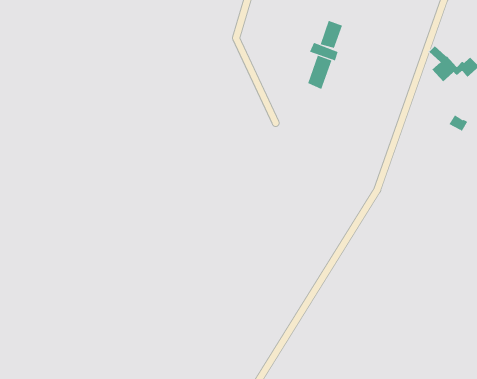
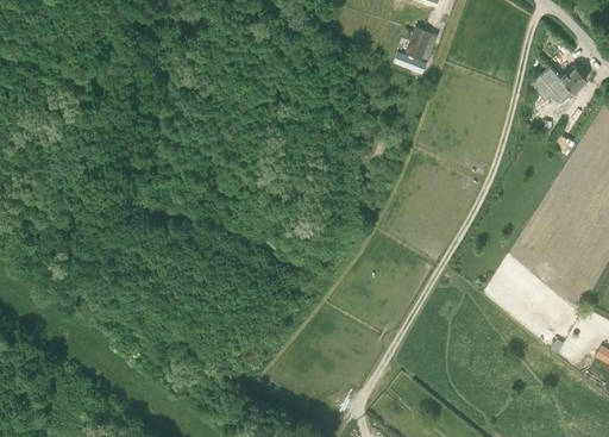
building: [307,55,332,90] -> none

